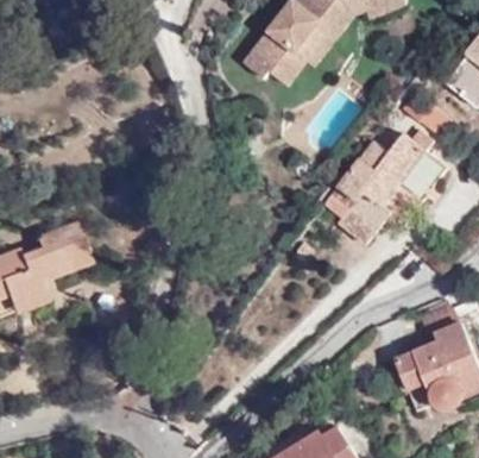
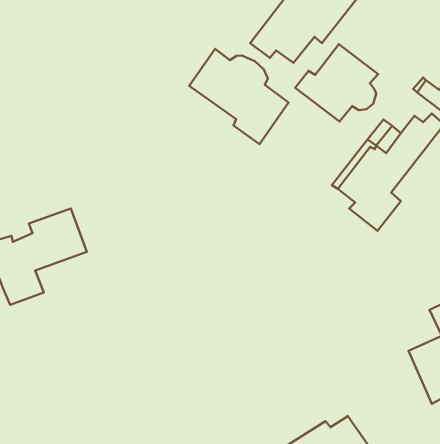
building: none -> [295,44,378,121]
building: none -> [189,49,288,144]

